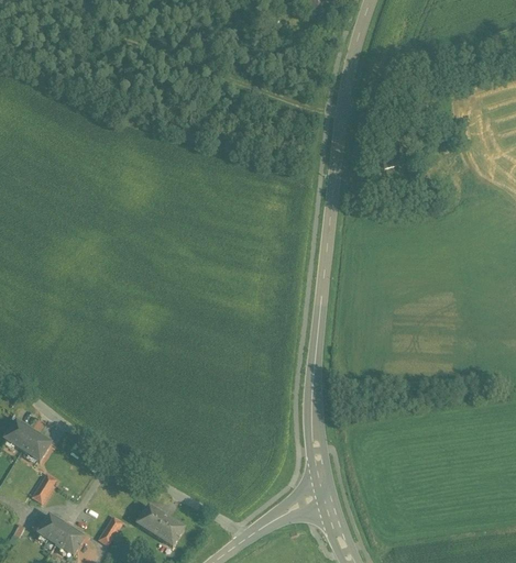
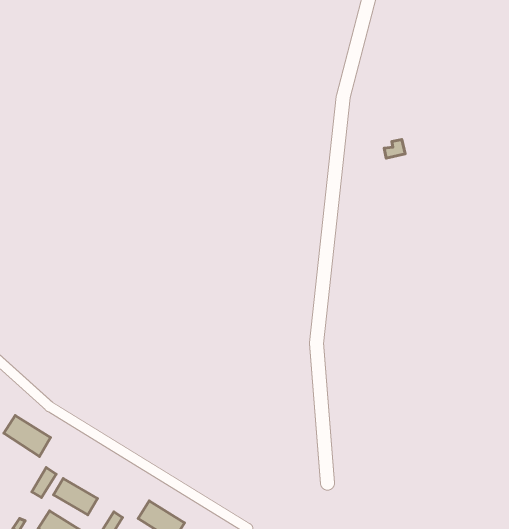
building: none -> [54,478,97,515]

